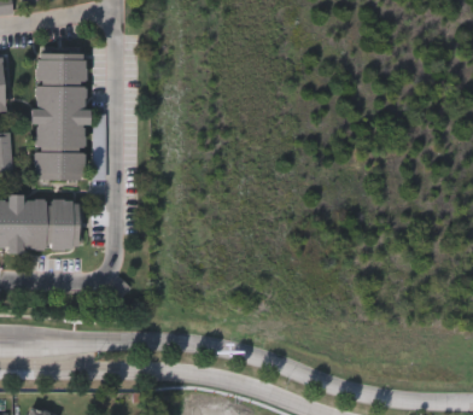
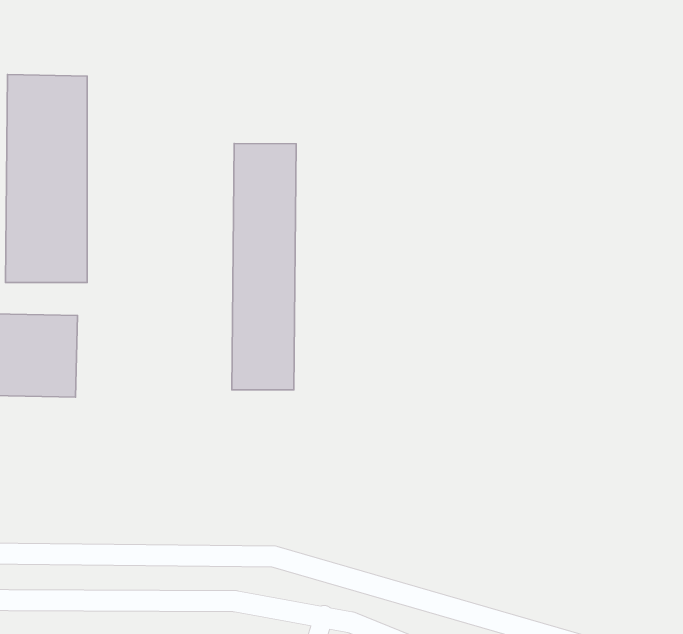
building: none -> [232,144,296,390]

